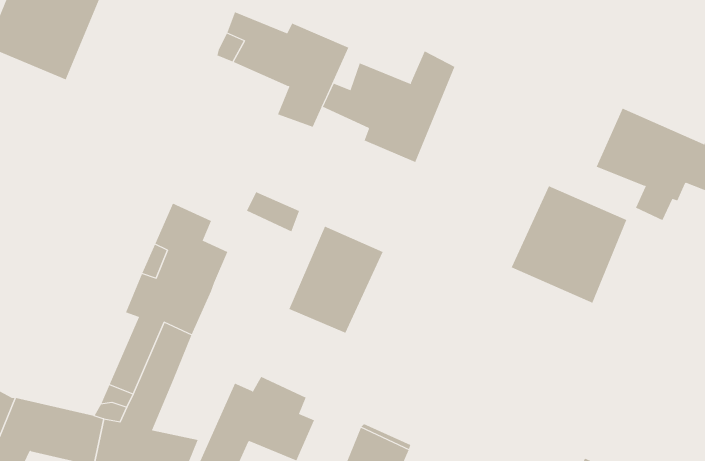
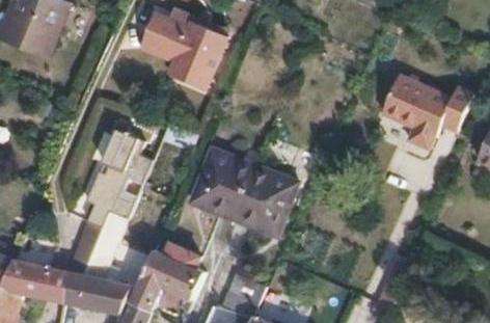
building: [322,51,455,163] -> none
building: [511,186,627,303] -> [224,166,298,241]

